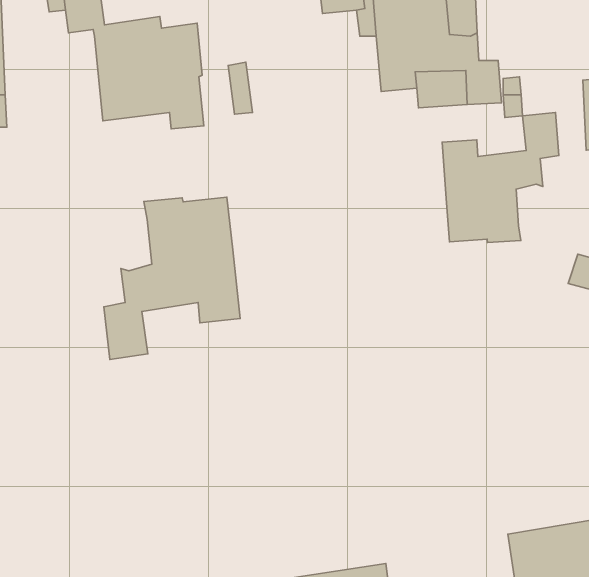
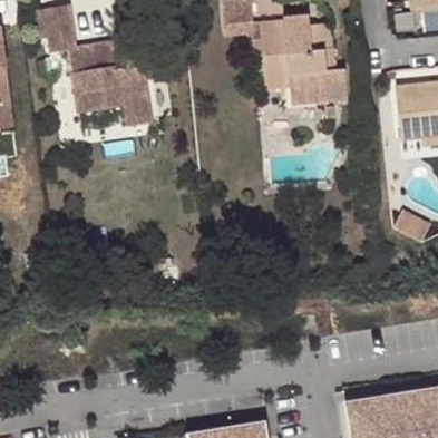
building: [442,112,559,242] -> none
building: [104,197,240,360] -> none

